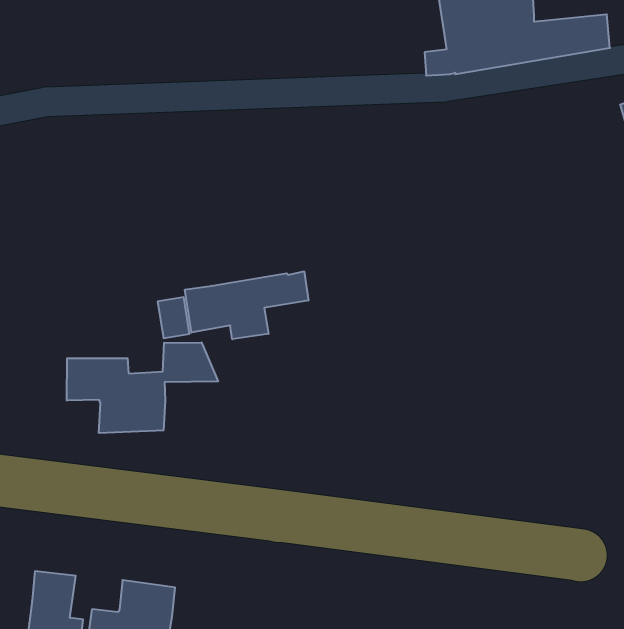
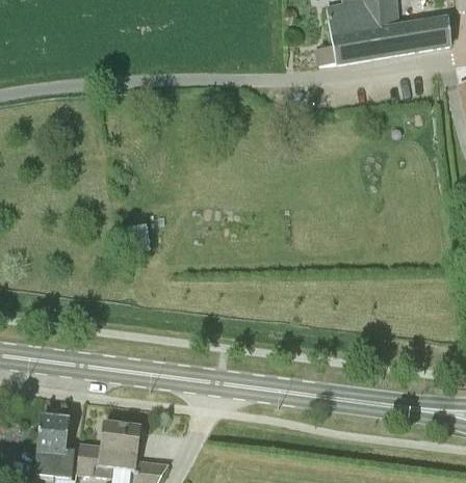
building: [185,271,308,339] -> none
building: [67,342,218,433] -> none

